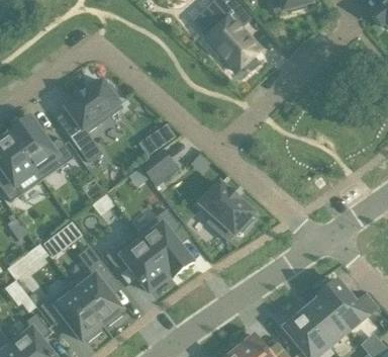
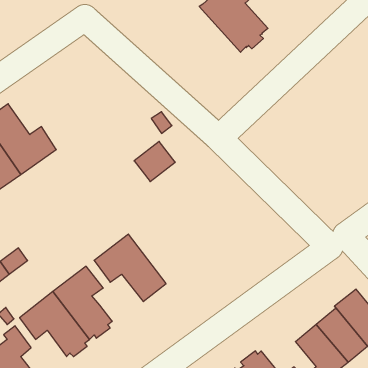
building: [65,79,122,161] -> none
building: [202,182,254,241] -> none
building: [137,208,193,276] -> none
building: [44,221,83,256] -> none

